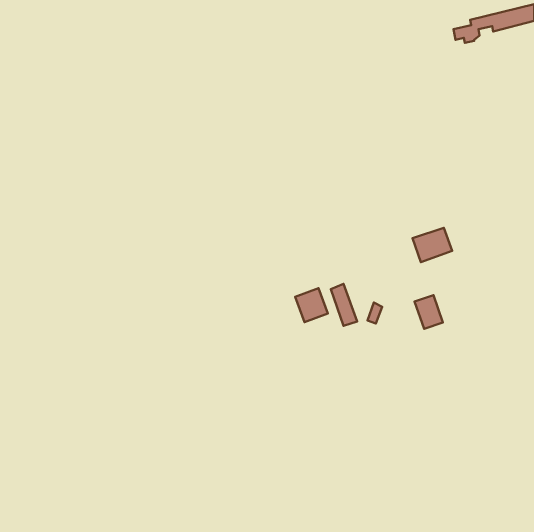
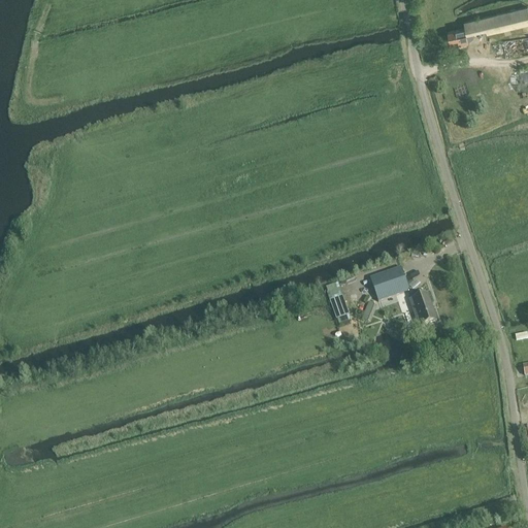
building: [412,228,452,262] -> [369,265,408,299]
building: [295,288,328,322] -> none

